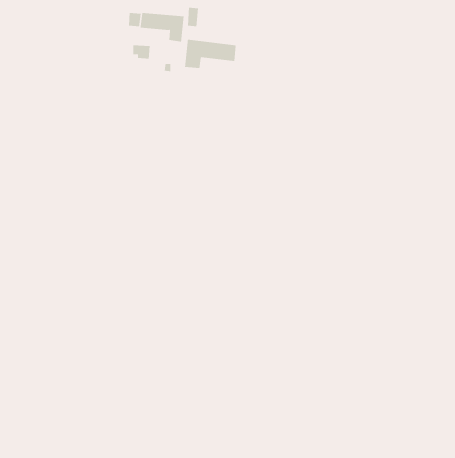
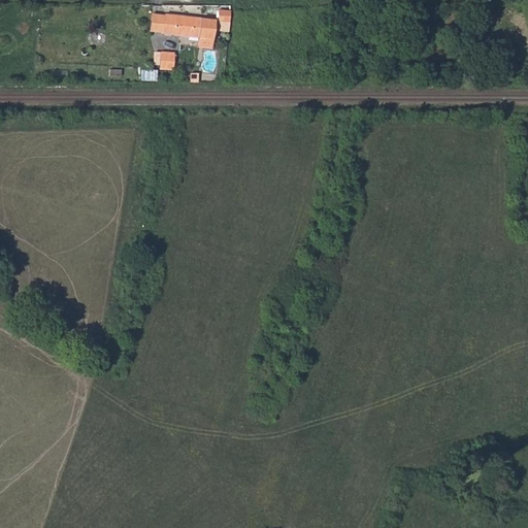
building: [185,39,236,69] -> none

